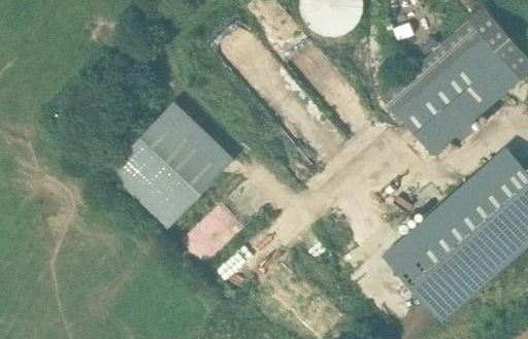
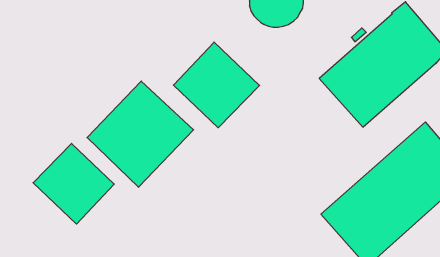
building: none -> [173,42,260,128]
building: none -> [33,143,114,224]

